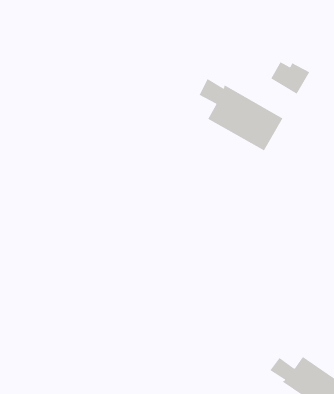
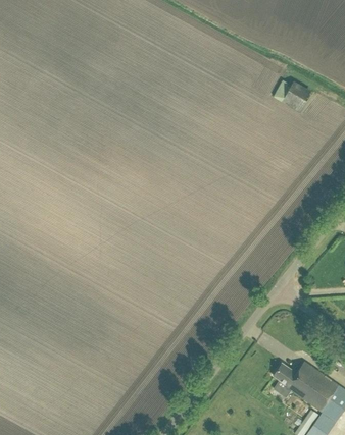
building: [199,78,283,151] -> none

